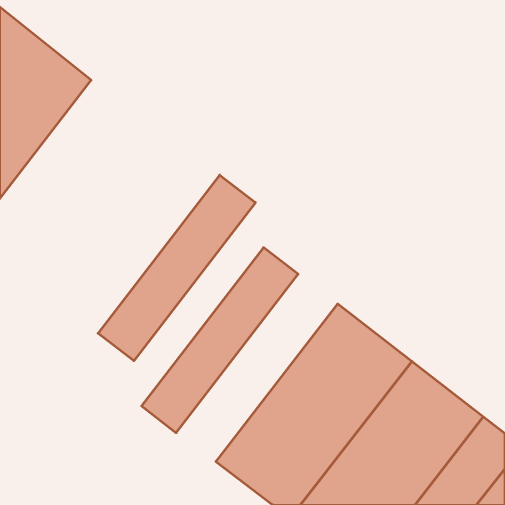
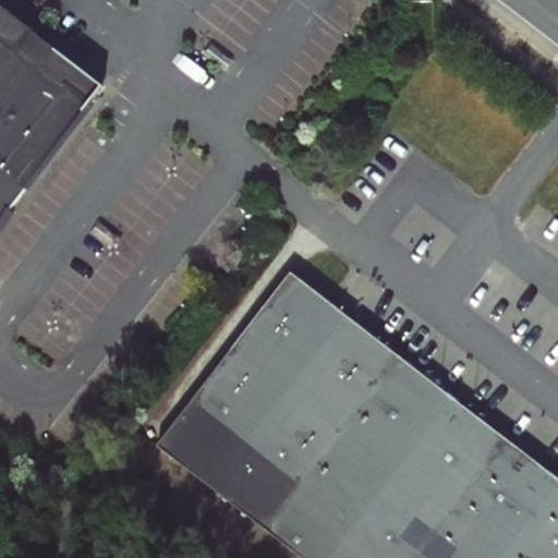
building: [98,175,255,361] -> none
building: none -> [194,302,372,508]

